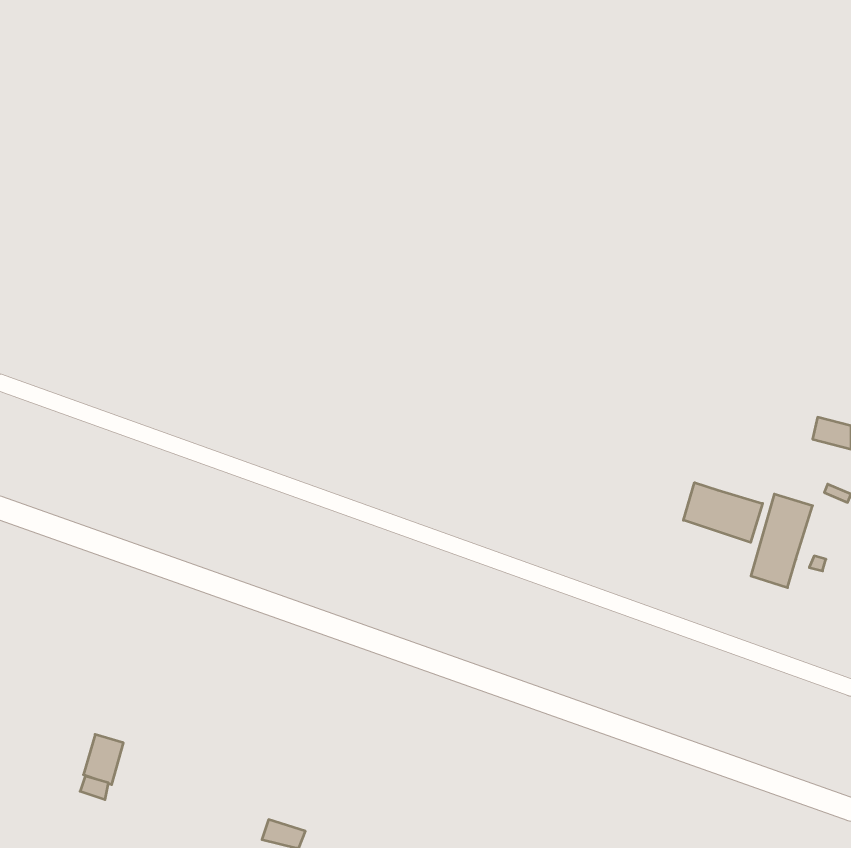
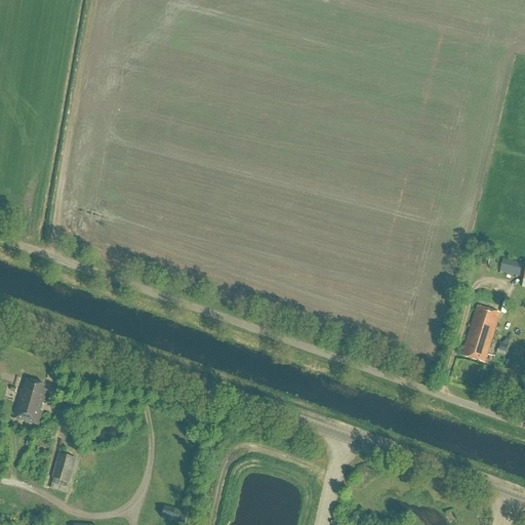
building: [683,483,763,542] -> none
building: none -> [11,377,48,422]

